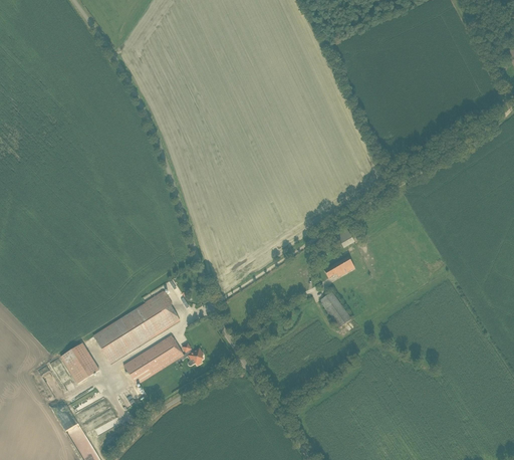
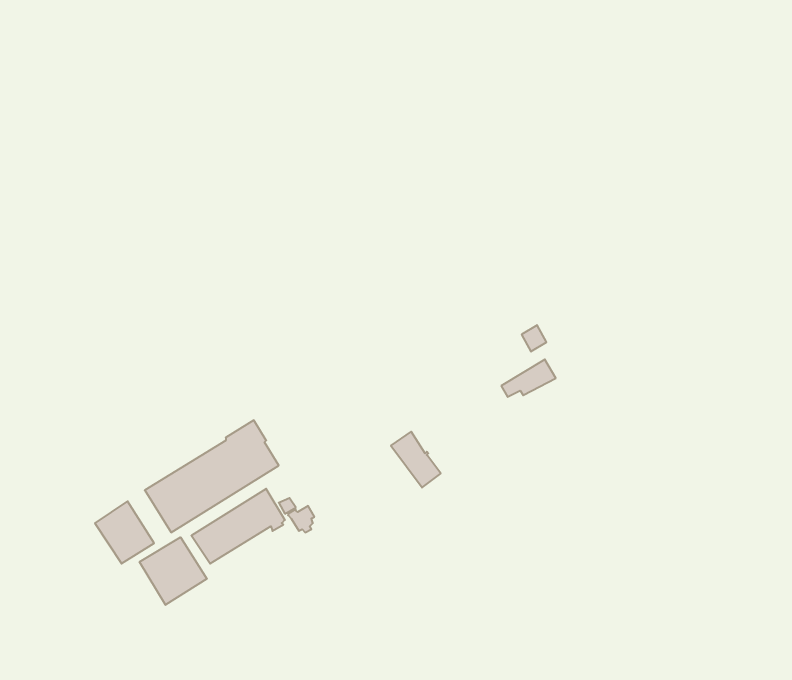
building: [318,289,350,325] -> [391,432,441,488]
building: none -> [140,537,207,605]

